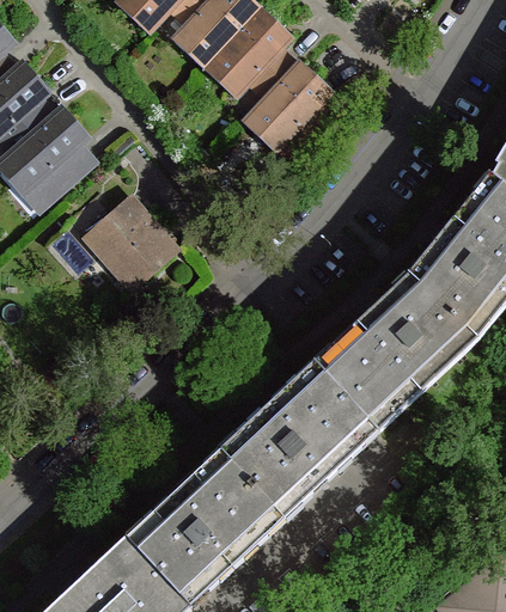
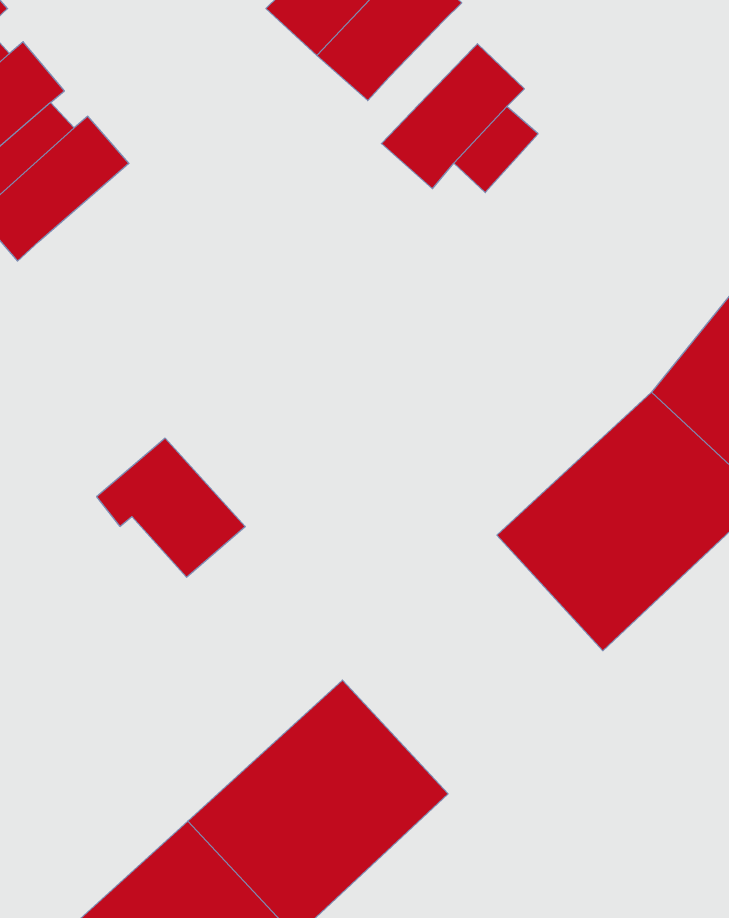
building: [246,48,298,99] -> none
building: [32,143,95,202] -> none
building: [84,198,175,283] -> [97,438,245,577]
building: [218,362,377,520] -> none

